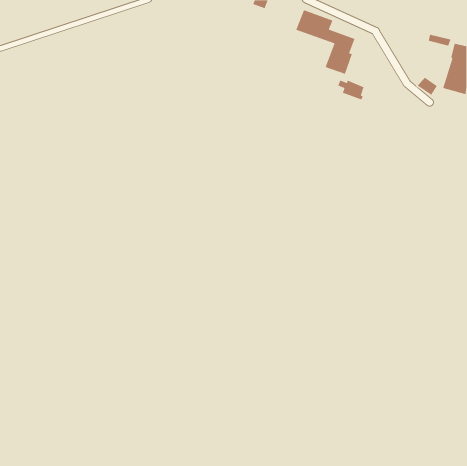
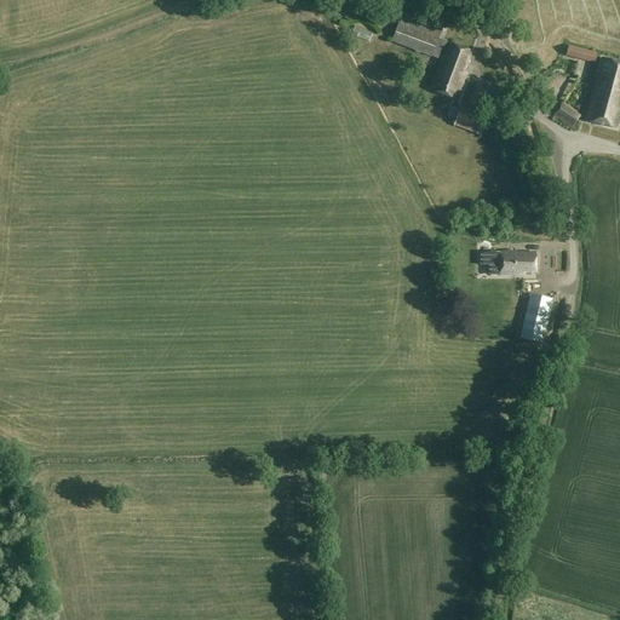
building: none -> [490,252,536,275]
building: none -> [519,292,550,343]

